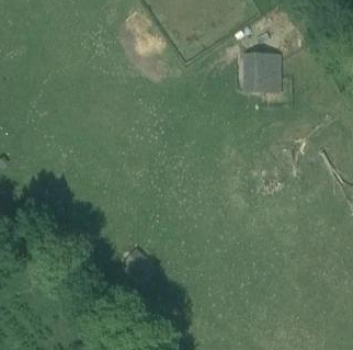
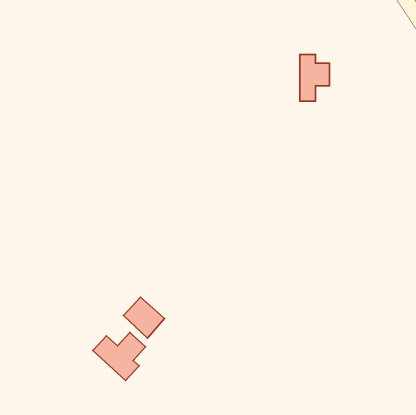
building: none -> [93,332,146,381]

